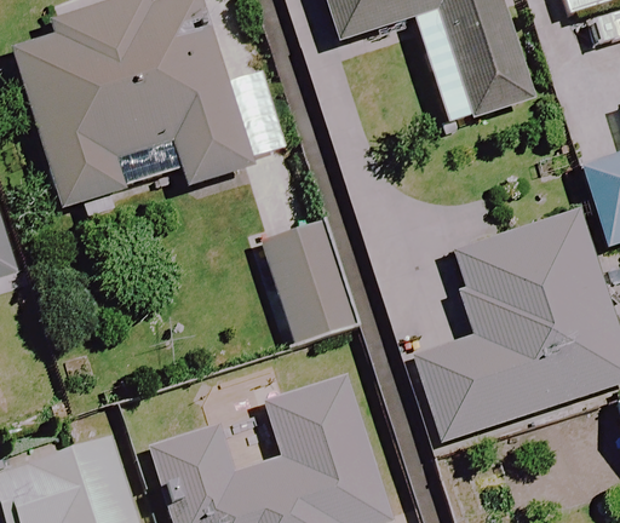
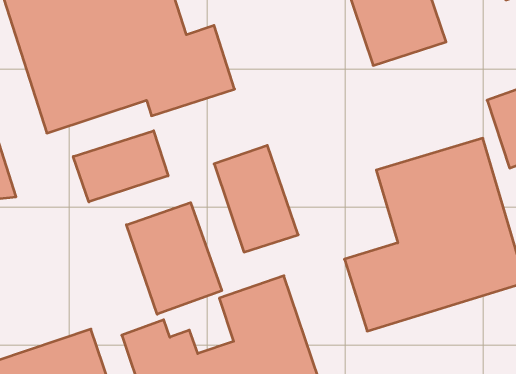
building: none -> [73,131,168,202]
building: none -> [126,203,222,314]

